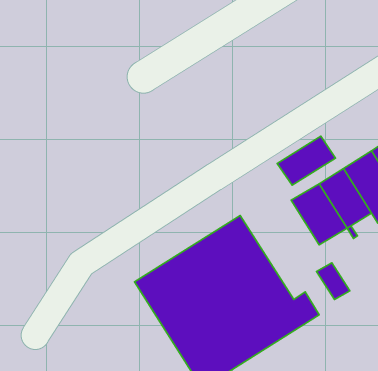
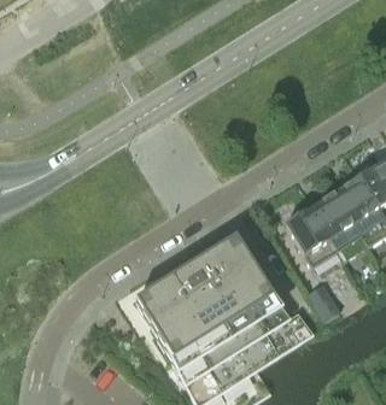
building: [277,136,335,185] -> none

